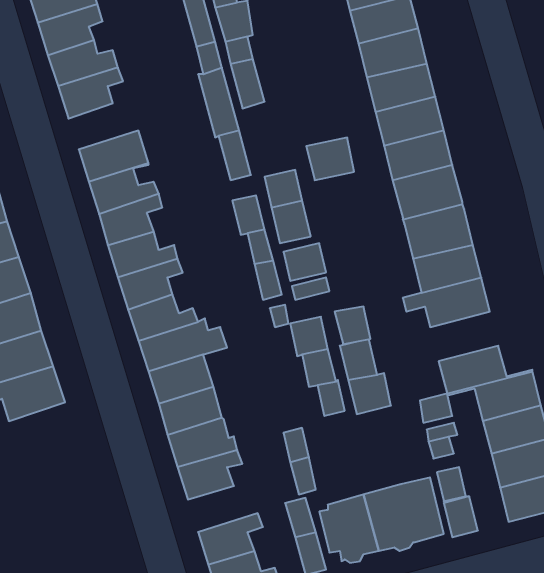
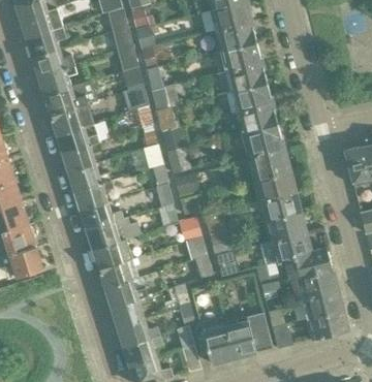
building: none -> [44,82,97,116]
building: [306,138,354,180] -> [150,86,179,112]
building: none -> [264,214,305,244]
building: none -> [117,319,159,347]

